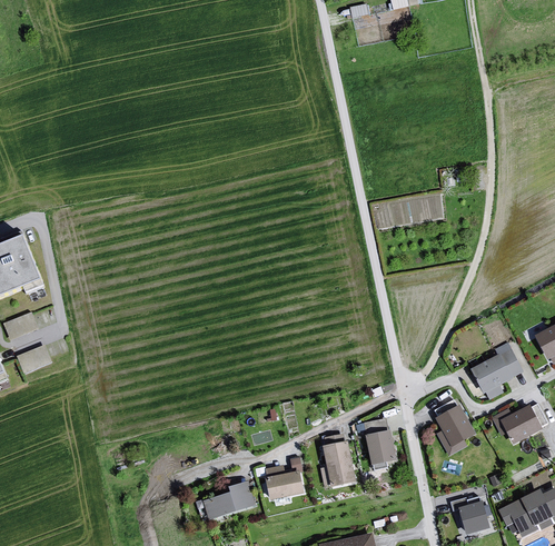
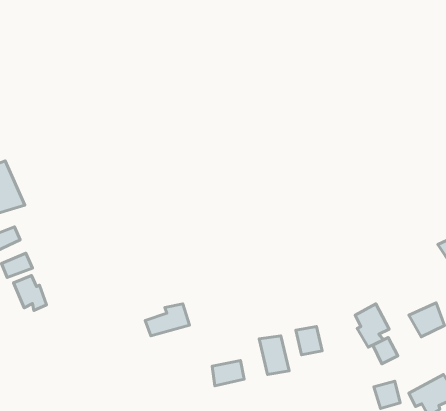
building: [470,347,522,391] -> none
building: none -> [13,276,47,310]
building: none -> [373,337,398,364]
building: [204,482,256,519] -> [145,304,189,336]

